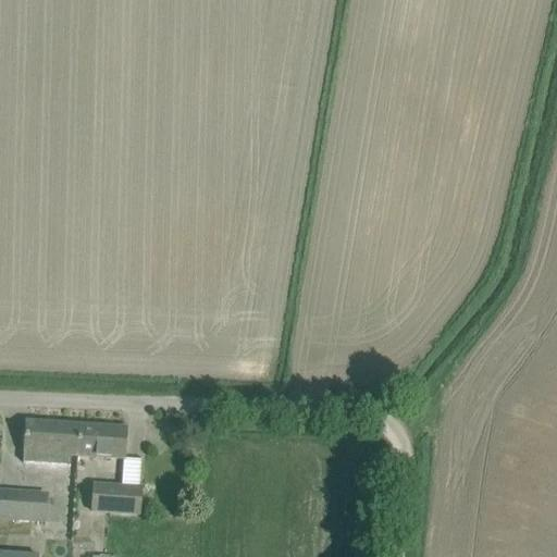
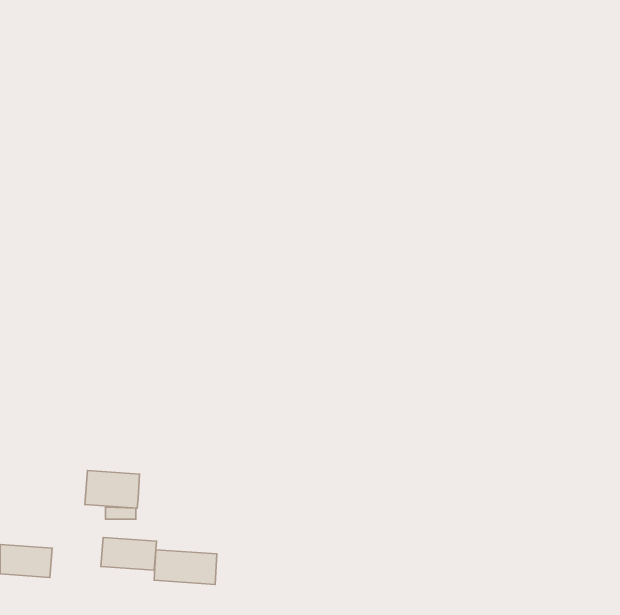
building: [22,419,78,462] -> none
building: none -> [154,550,217,584]

